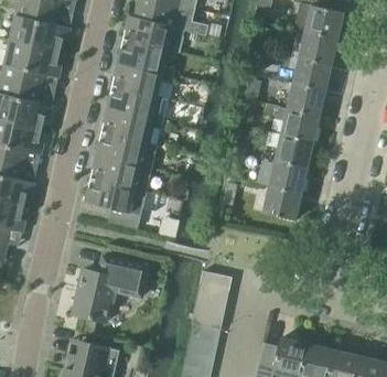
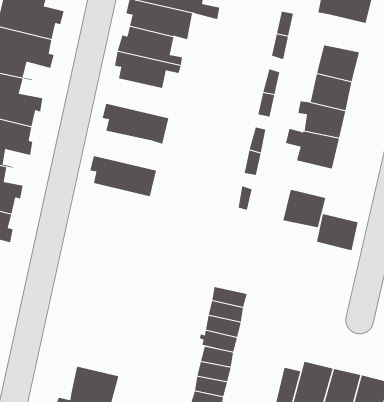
building: [299,31,336,64] -> none
building: [106,87,168,122] -> none
building: [95,133,157,169] -> none
building: [269,160,307,193] -> [316,213,358,251]
building: [84,180,146,216] -> none
building: [72,257,148,322] -> none

